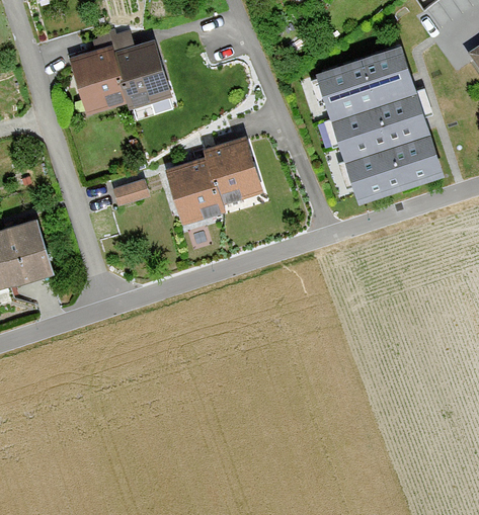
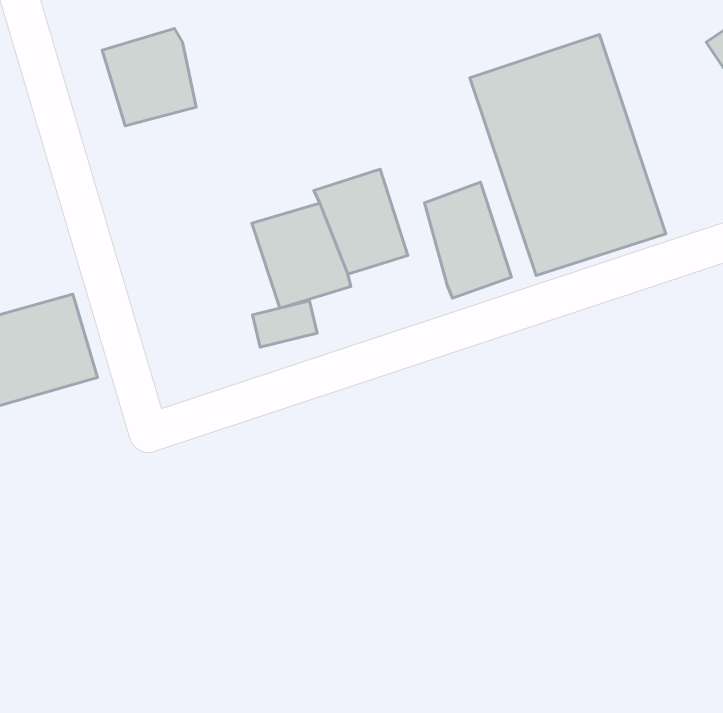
building: [124,42,179,112] -> none
building: none -> [424,182,511,298]
building: [113,175,156,205] -> [252,301,317,347]

